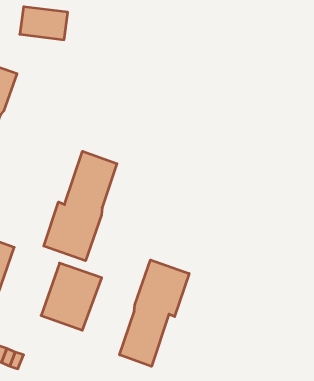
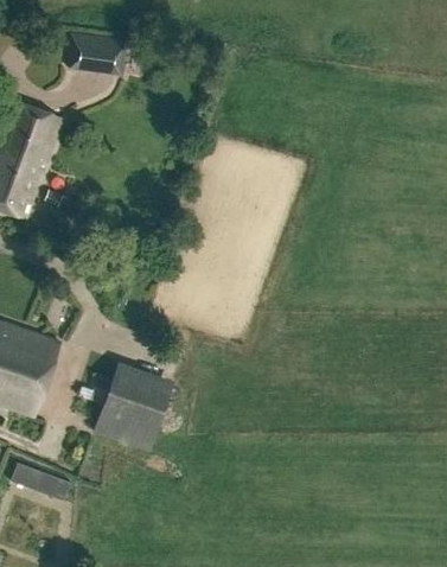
building: [44,151,117,261] -> none
building: [120,260,189,366] -> none

